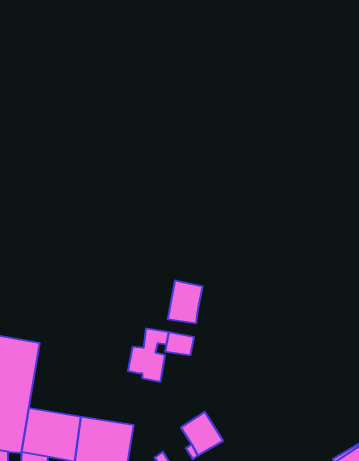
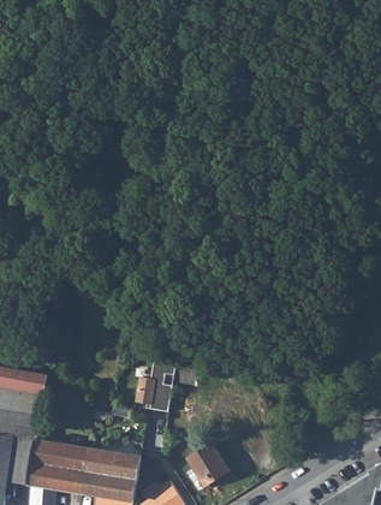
building: [168,280,203,323] -> none

